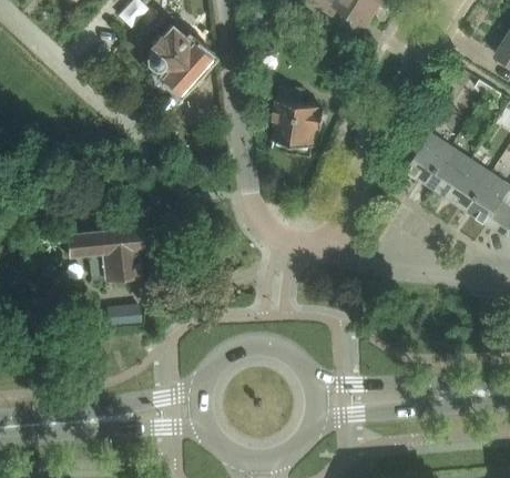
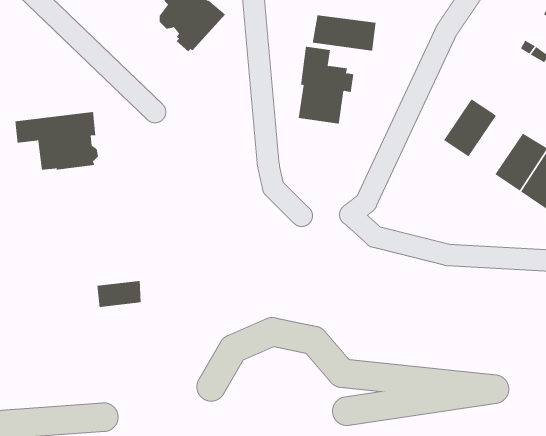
building: none -> [312,15,376,51]
building: [429,149,478,202] -> none
building: [68,226,144,279] -> [14,111,99,170]

